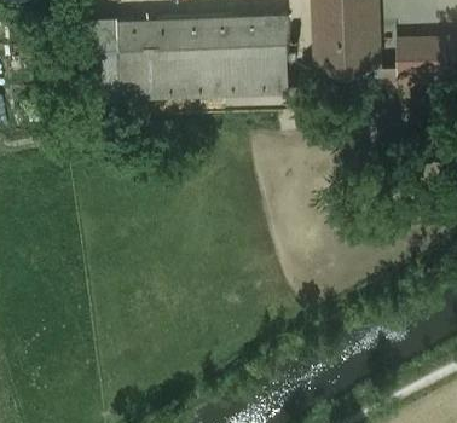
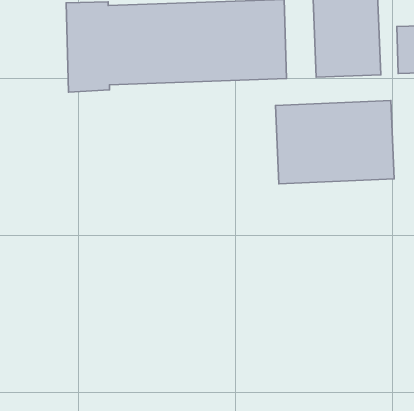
building: none -> [276,101,394,184]

